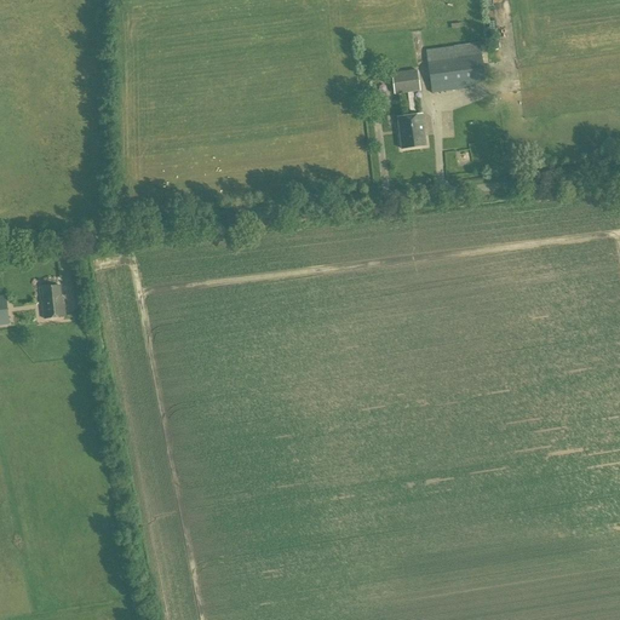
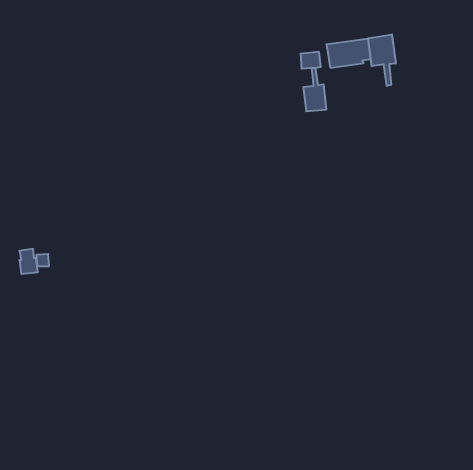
building: none -> [368,34,396,86]
building: [41,282,65,315] -> [19,249,38,274]

